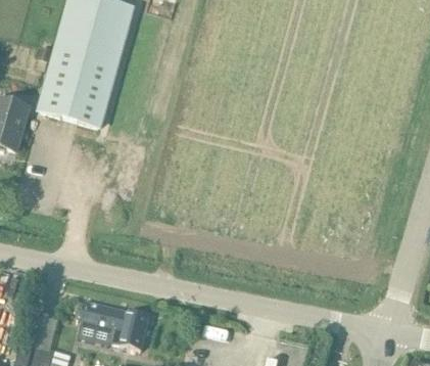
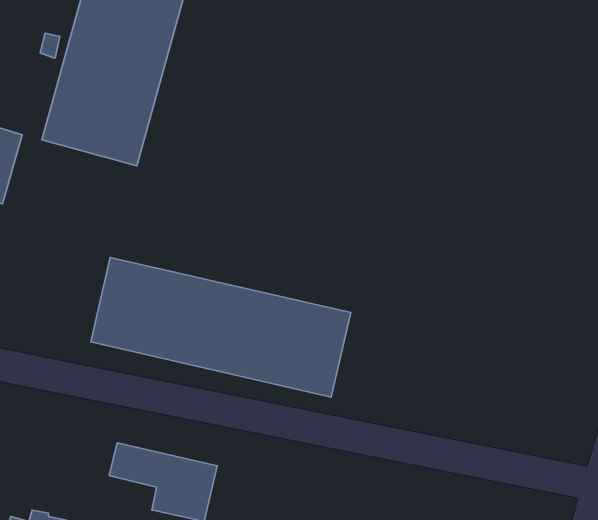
building: none -> [91,257,351,397]

